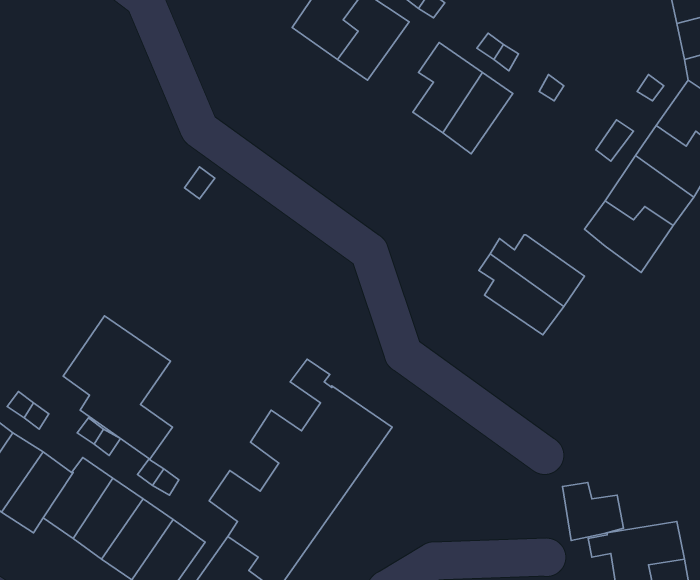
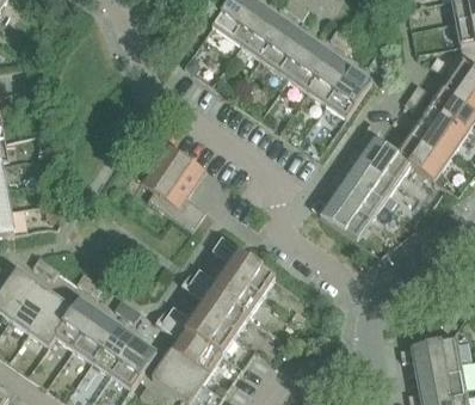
building: none -> [260,20,306,78]
building: none -> [326,66,372,117]
building: none -> [357,121,411,182]
building: none -> [311,194,371,239]
building: [63,316,172,459] -> [137,139,206,229]
building: [562,483,624,541] -> none

